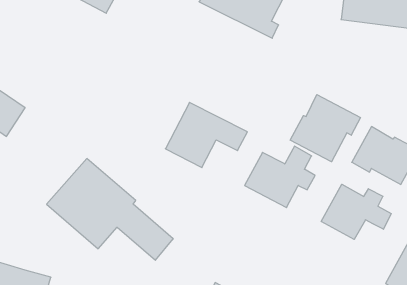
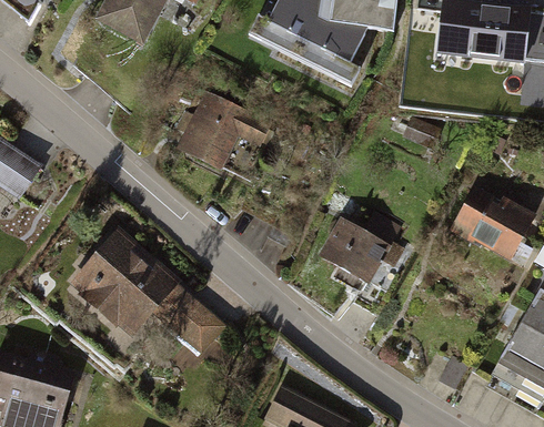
building: [290,95,360,162] -> none
building: [165,102,247,168] -> [178,87,280,167]
building: [321,184,391,239] -> none

